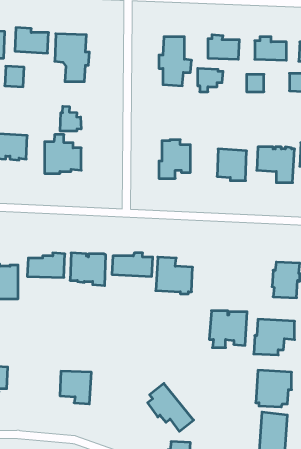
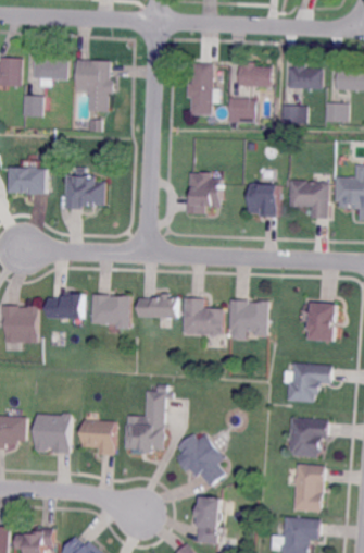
building: [60,106,81,131] -> none
building: [209,311,247,348] -> [227,300,267,340]
building: none -> [124,391,163,450]
building: none -> [34,413,71,453]

